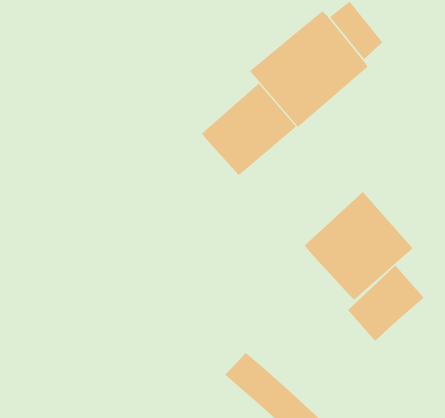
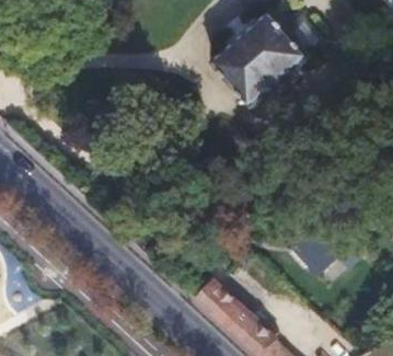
building: [201,82,297,175] -> none
building: [304,191,414,300] -> none

